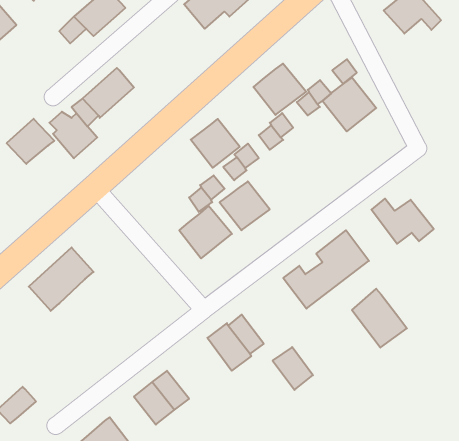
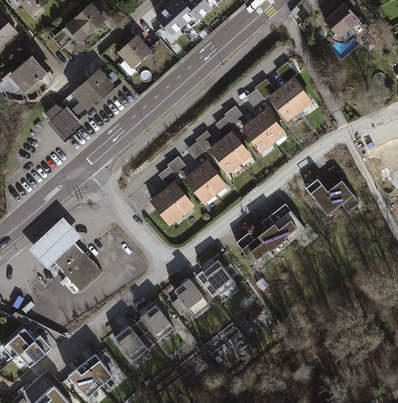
building: none -> [118,35,152,69]
building: [253,64,306,115] -> [242,110,285,152]
building: [7,119,54,164] -> [9,56,48,93]
building: [191,119,240,168] -> [210,133,250,173]
building: none -> [53,242,101,291]
building: [352,289,407,348] -> none
building: [273,347,313,390] -> [202,260,235,295]
building: none -> [139,303,173,340]
building: none -> [18,337,50,367]

